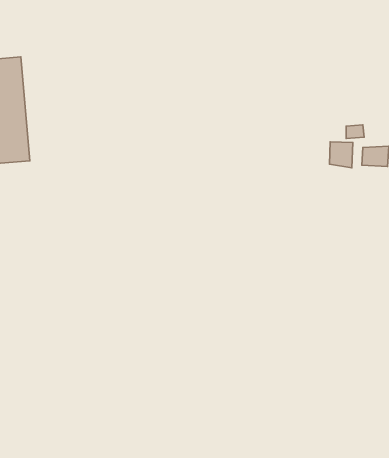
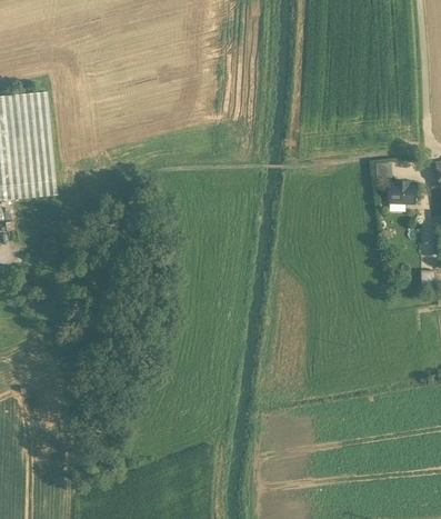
building: [330,142,353,168] -> none

